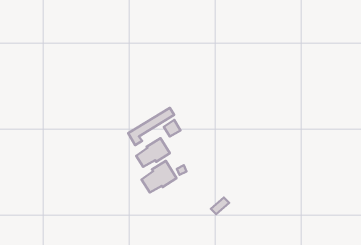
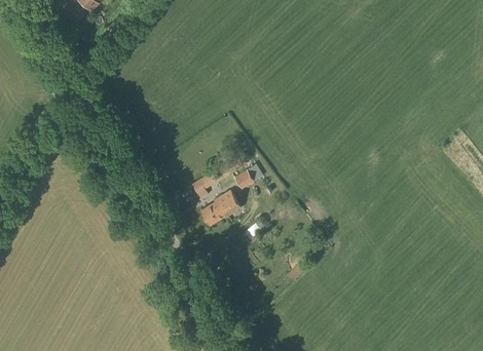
building: [141,161,177,192] -> none

